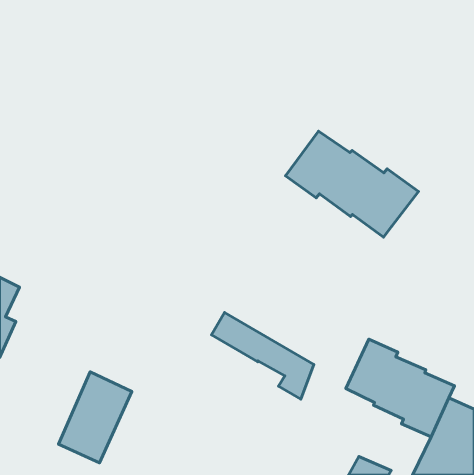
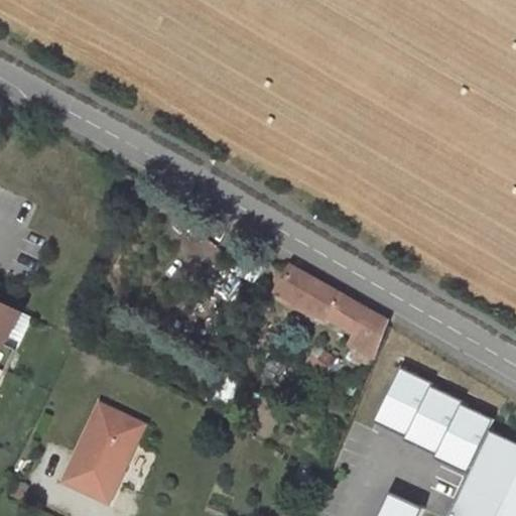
building: [286,131,418,237] -> none
building: [211,313,314,399] -> [276,267,387,361]

